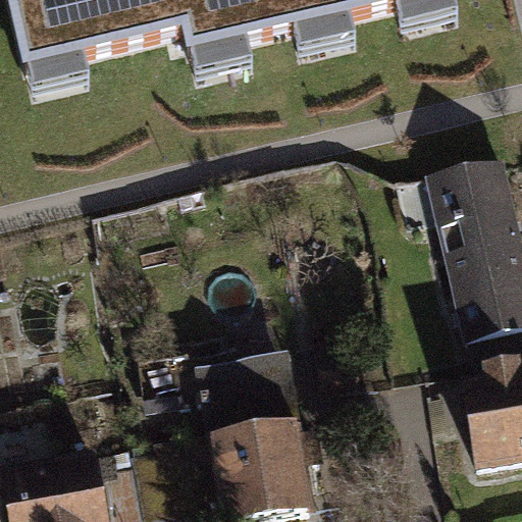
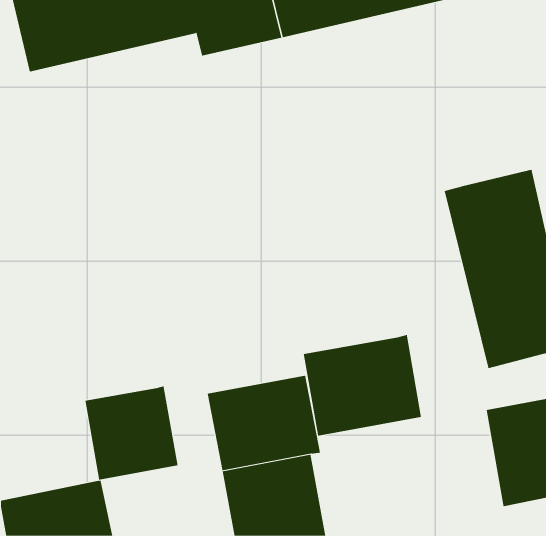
building: none -> [303,334,422,437]
building: none -> [85,385,178,480]

